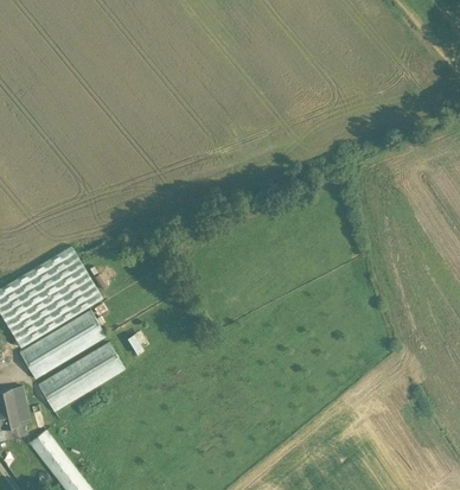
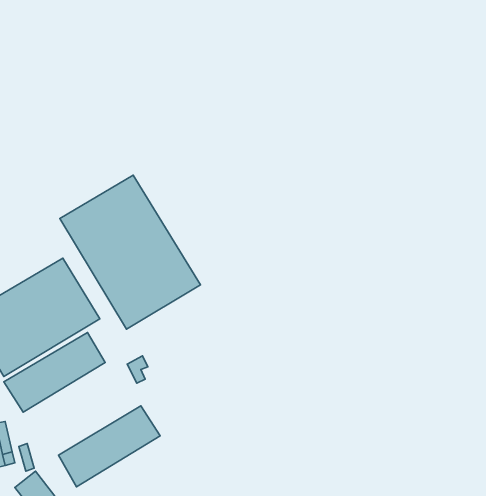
building: none -> [60,175,201,329]
building: [39,342,127,412] -> [59,406,160,487]

